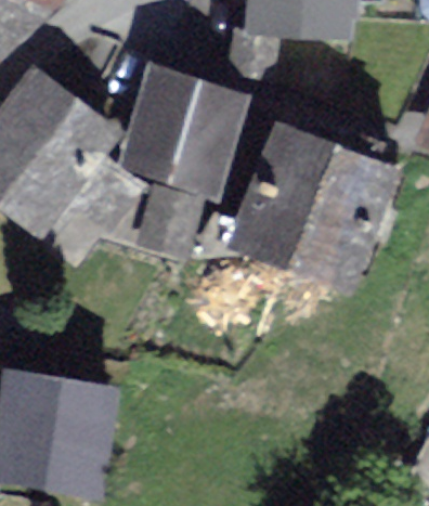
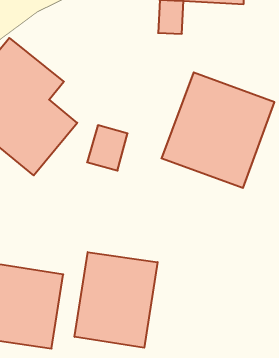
building: [125,70,239,191] -> none
building: none -> [75,252,158,348]

